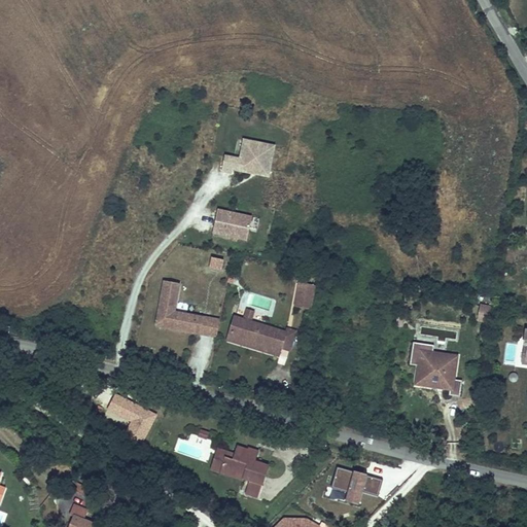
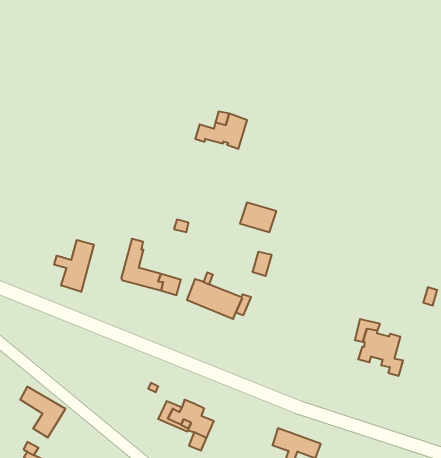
building: [214,209,251,238] -> [240,203,276,232]
building: none -> [54,240,94,292]
building: [108,394,156,446] -> [20,387,65,438]

